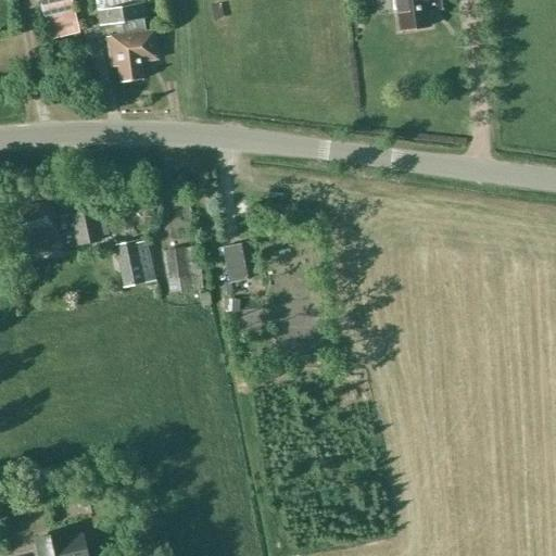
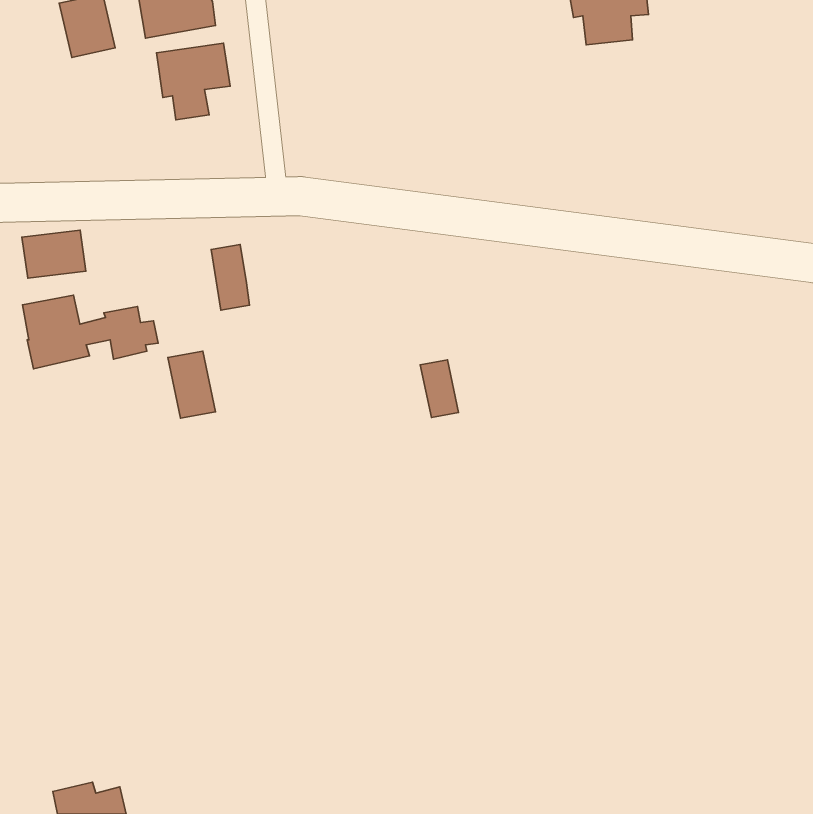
building: none -> [22,230,86,278]
building: [224,243,250,282] -> [420,360,459,417]
building: [166,248,192,292] -> [211,245,250,310]

